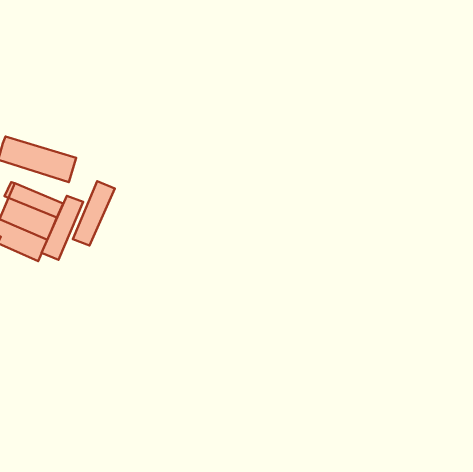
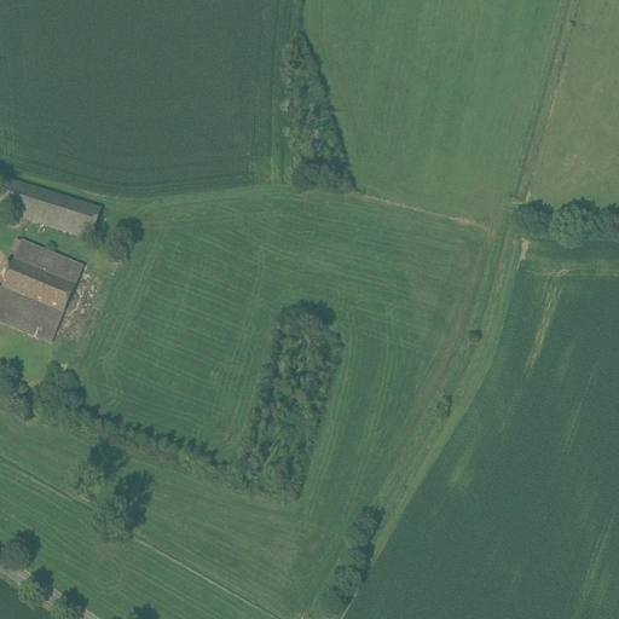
building: [73,181,115,246] -> none
building: [42,196,83,260] -> none

